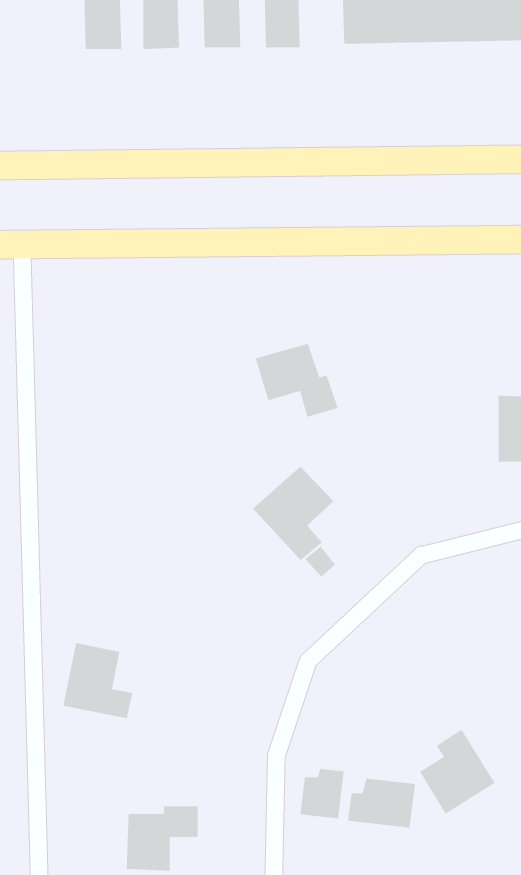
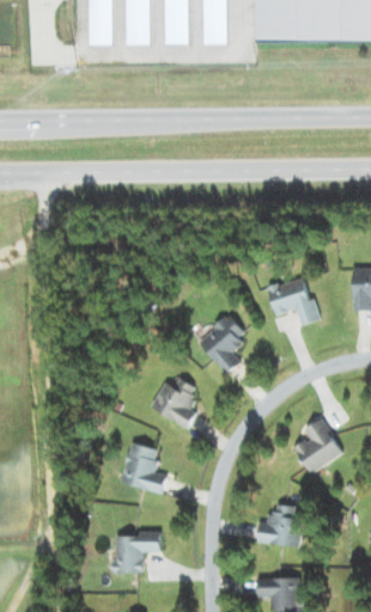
building: [255,343,338,418] -> [267,277,321,325]
building: none -> [151,378,199,428]
building: [63,643,133,719] -> [121,442,166,491]
building: [419,729,495,814] -> [293,418,342,473]
building: [300,768,344,819] -> none

